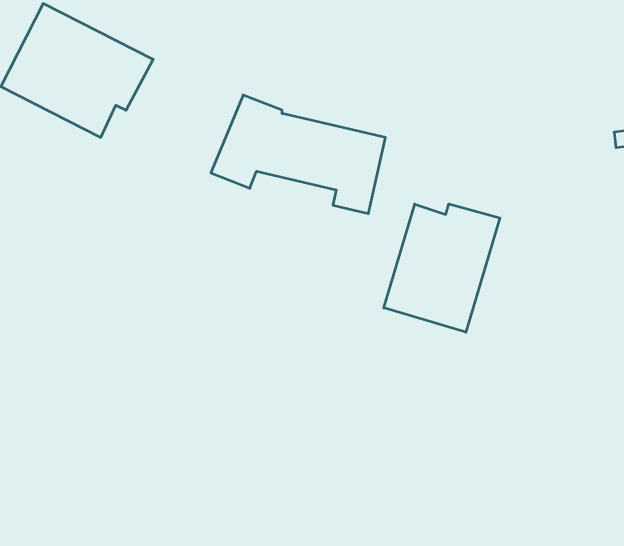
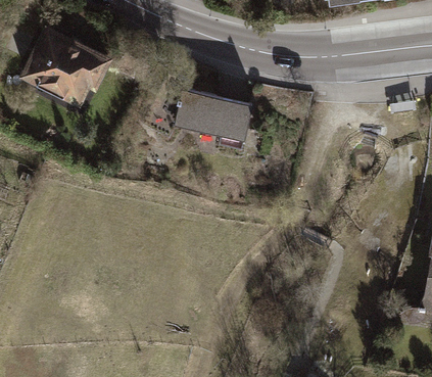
building: [384,204,500,332] -> none

